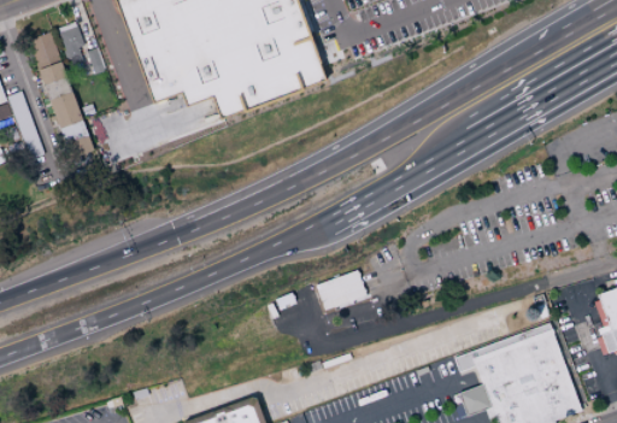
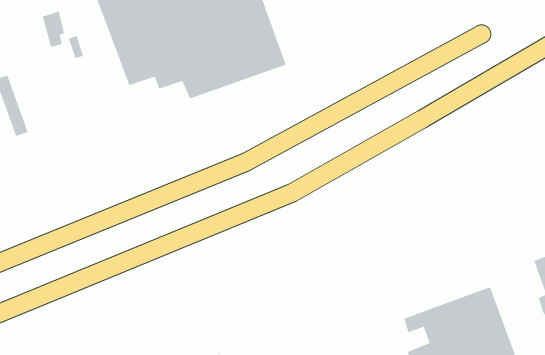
building: [30,31,88,143] -> none
building: [317,270,369,312] -> none

